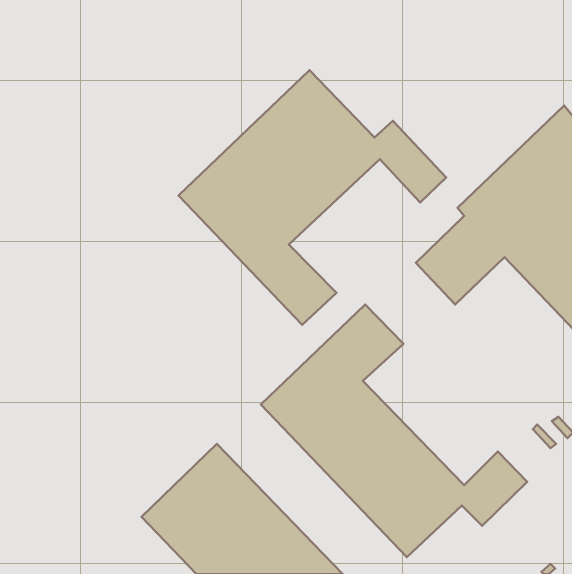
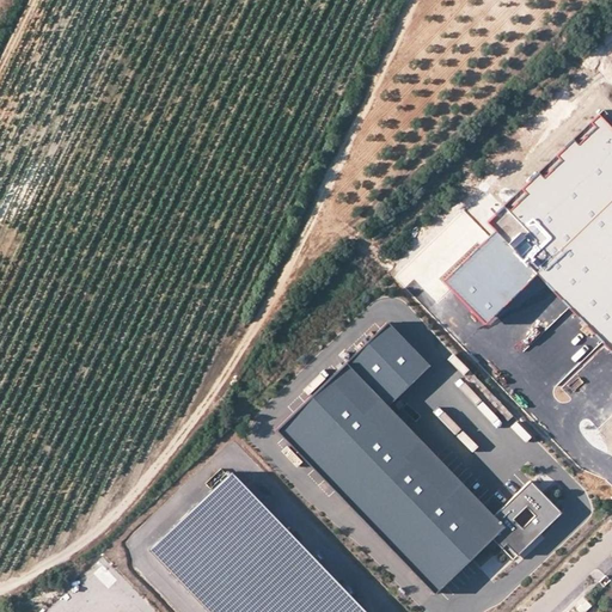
building: [178,70,446,325] -> none

